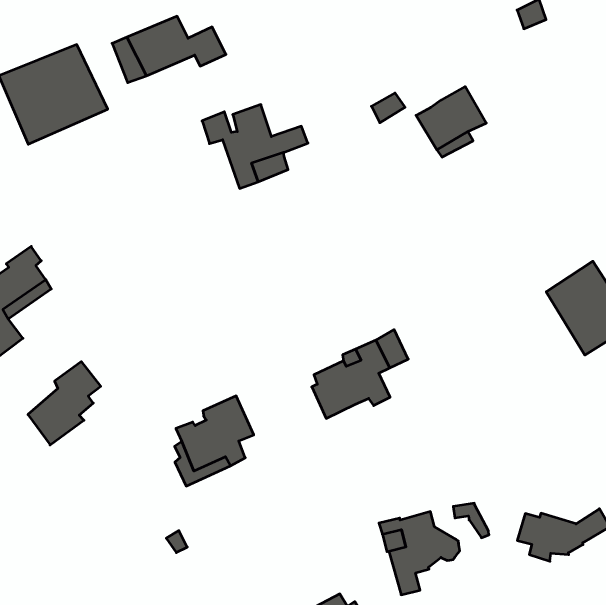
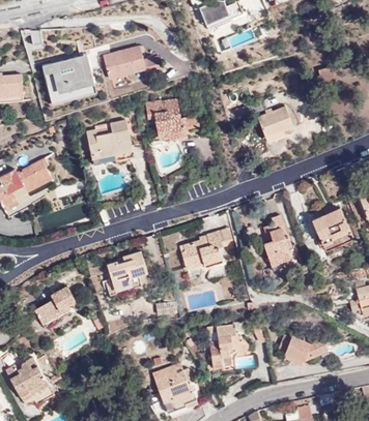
building: none -> [86,119,132,166]
building: none -> [263,215,291,266]
building: [28,362,101,445] -> [34,287,75,328]

